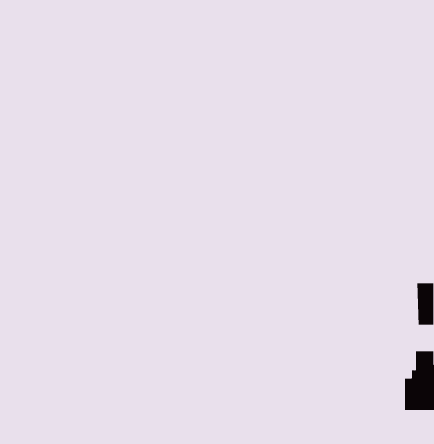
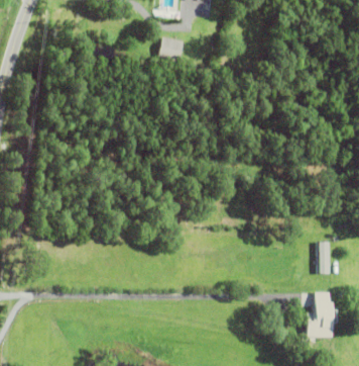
building: none -> [159,36,184,60]

